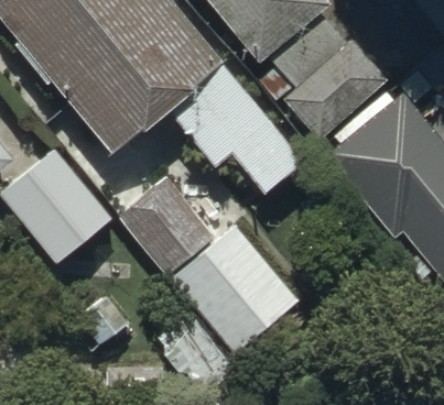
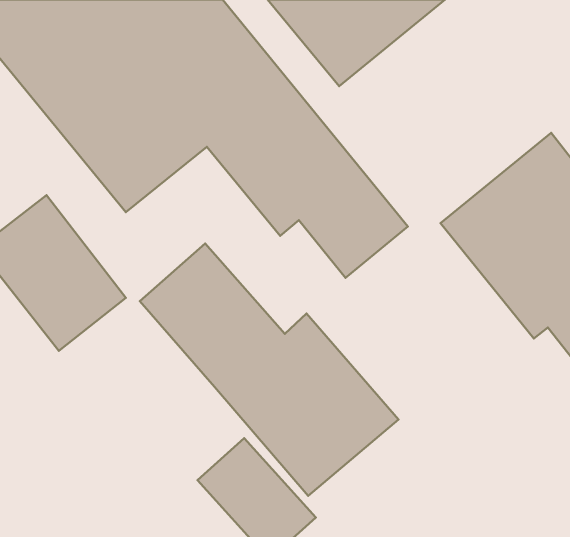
building: [259,13,385,145] -> none

